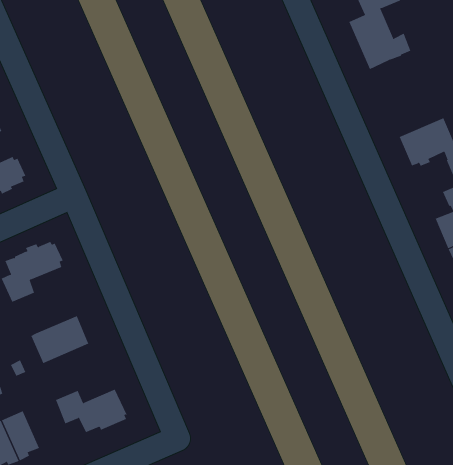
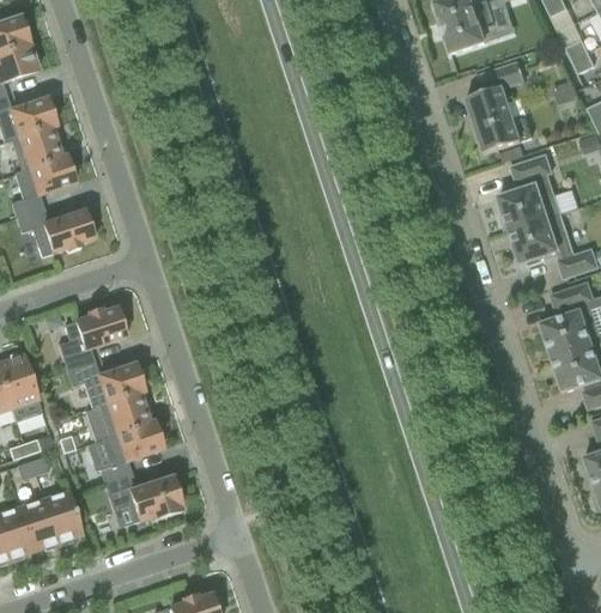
building: none -> [498,153,560,229]
building: none -> [67,362,142,406]
building: none -> [86,421,162,481]

